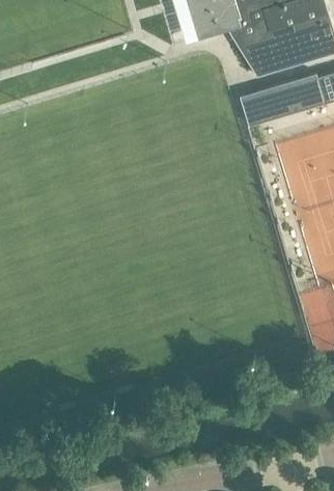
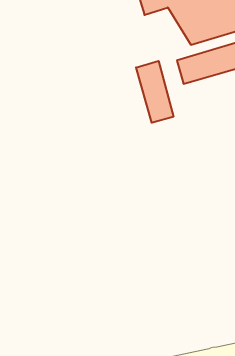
building: none -> [136,61,173,123]

